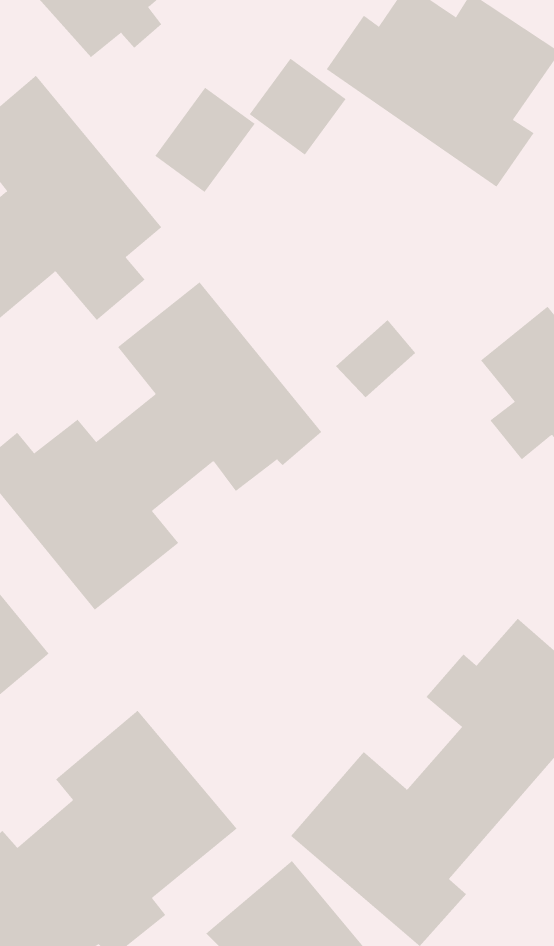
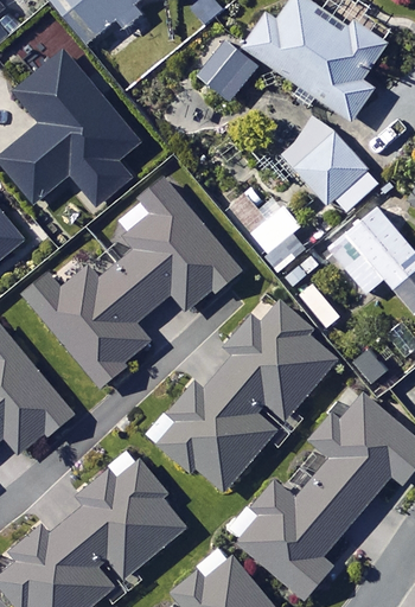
building: [154,87,255,193] -> none
building: none -> [280,116,378,211]
building: none -> [158,302,339,488]

